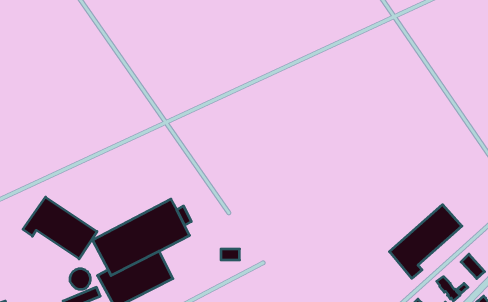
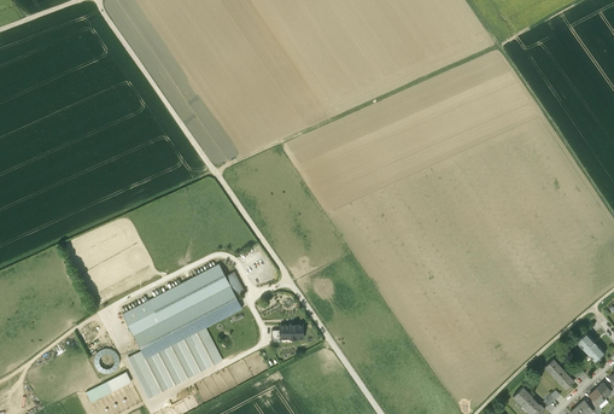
building: [23,197,97,259] -> none
building: [389,205,462,278] -> none

